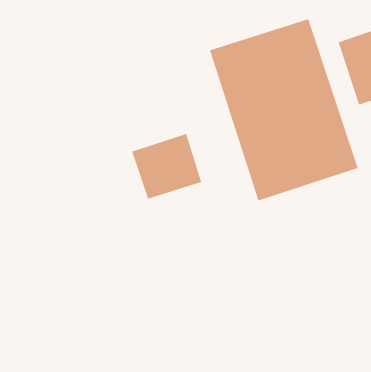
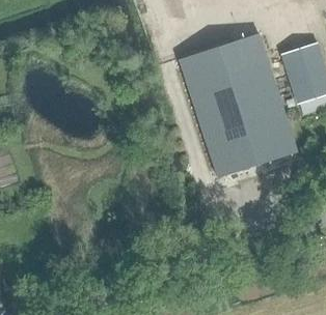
building: [132,133,202,200] -> none

